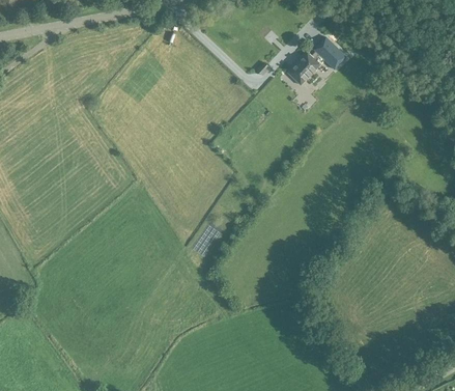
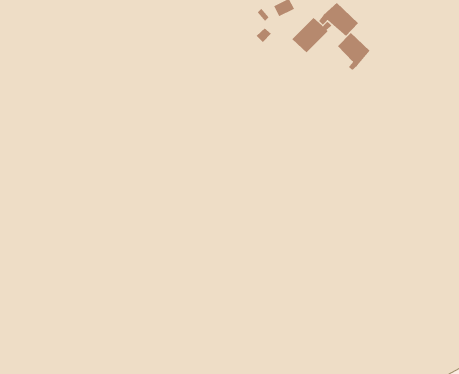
building: none -> [337,32,370,71]

